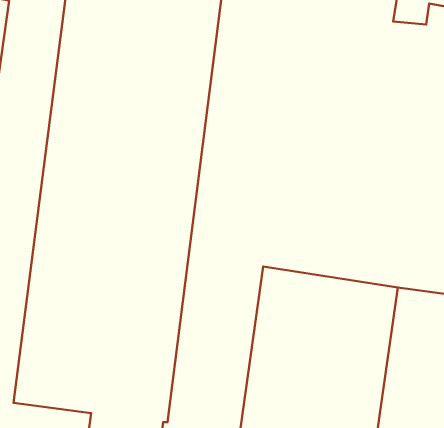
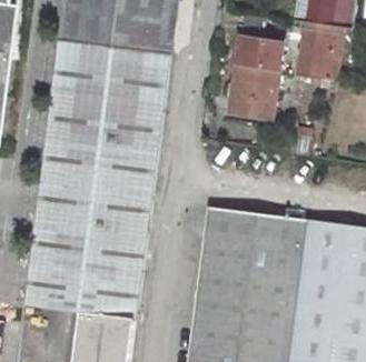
building: none -> [297,23,329,80]
building: none -> [230,36,283,118]

